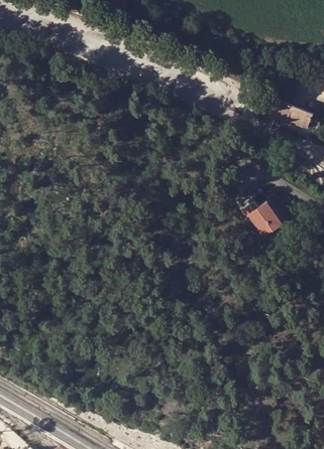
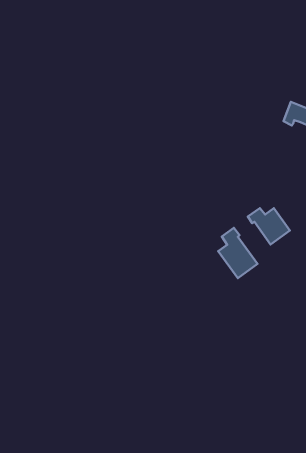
building: none -> [218,228,257,278]

